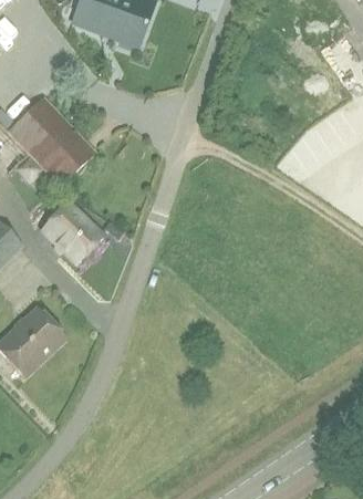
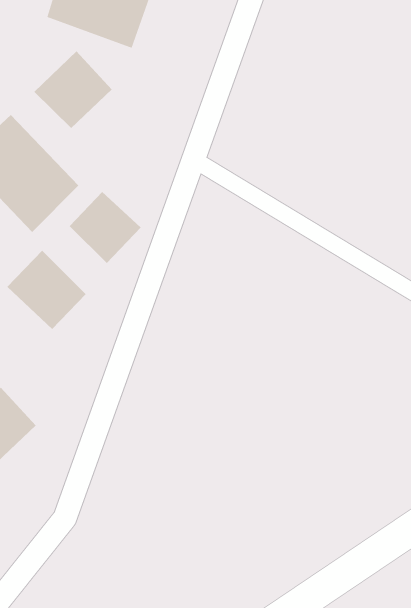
building: none -> [34,51,113,129]
building: none -> [69,191,142,264]

